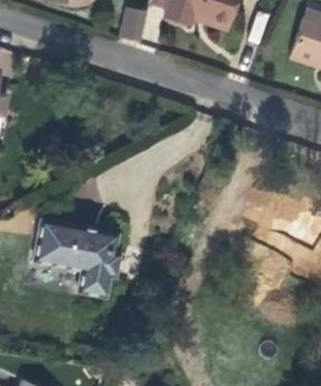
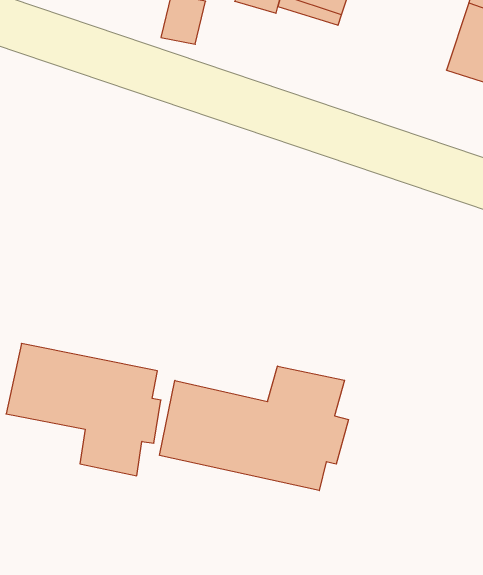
building: none -> [160,366,348,491]

